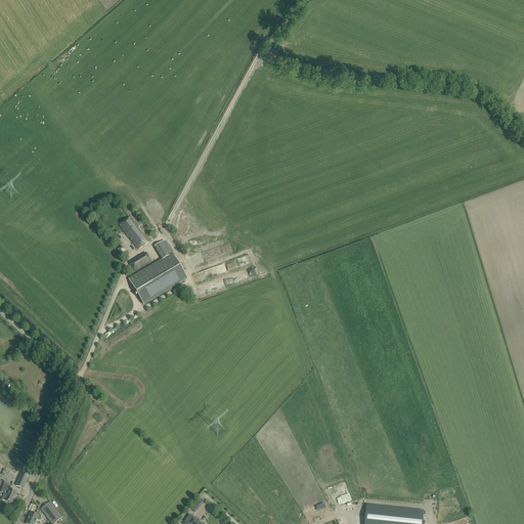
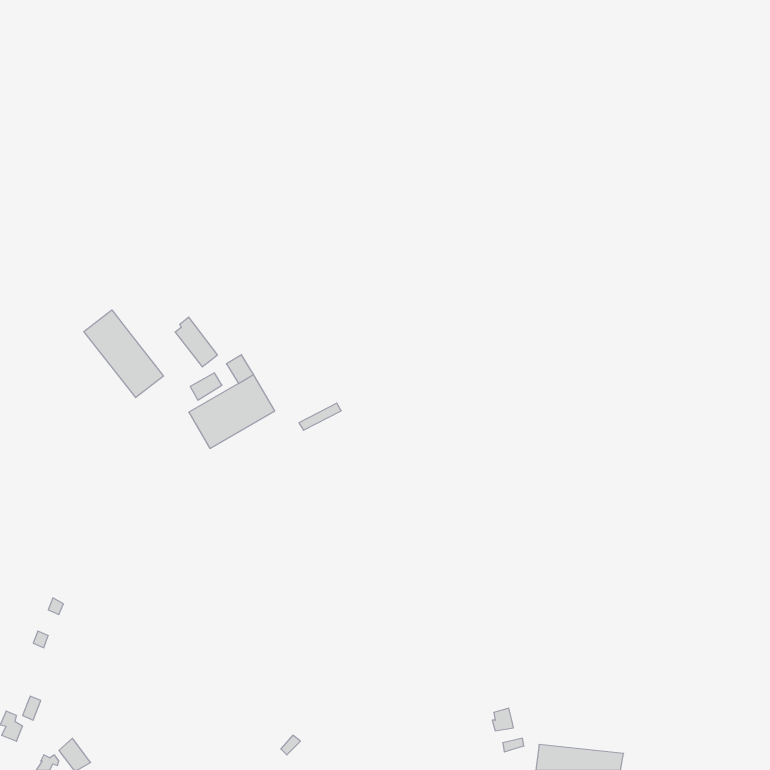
building: none -> [84,310,164,398]

